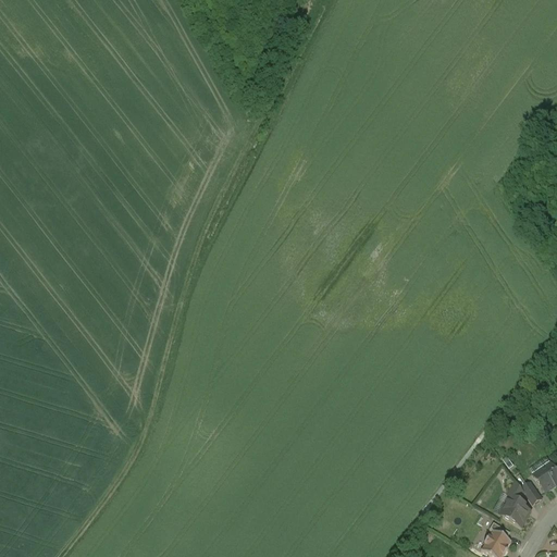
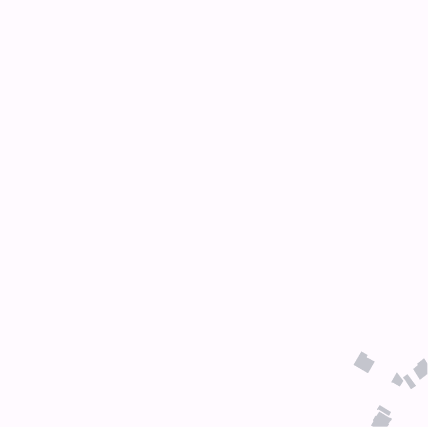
building: [498,496,529,527] -> [352,351,376,374]

